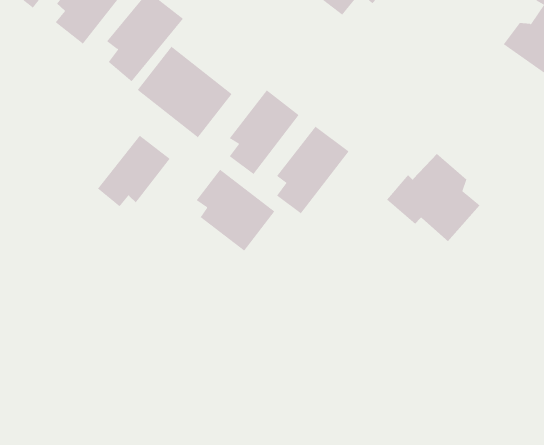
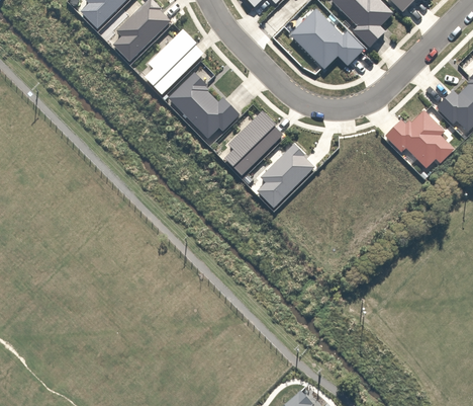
building: [97,135,170,207] -> none
building: [386,153,481,242] -> [382,106,450,172]
building: [196,169,275,251] -> none

